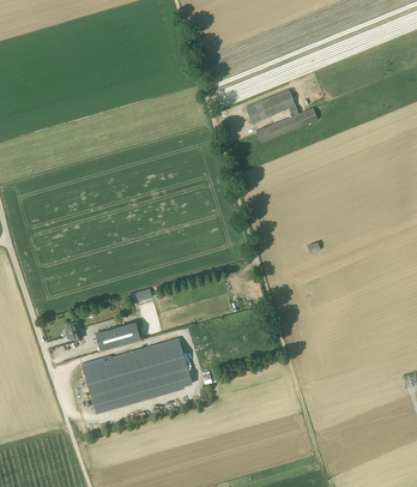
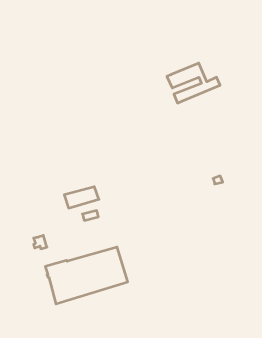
building: [95,321,141,350] -> [64,187,99,208]

